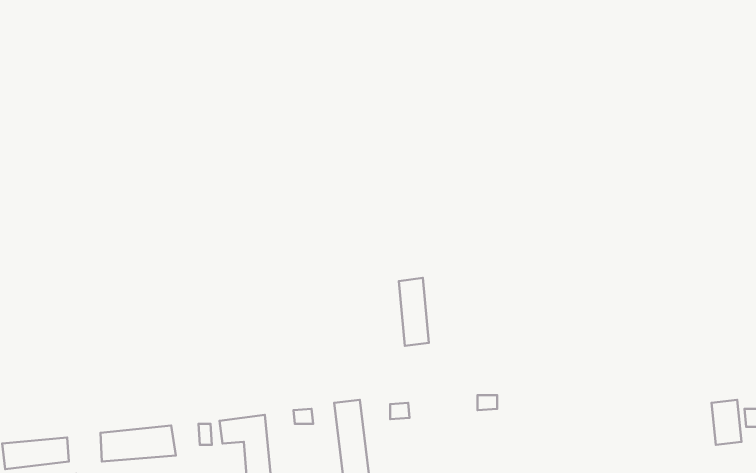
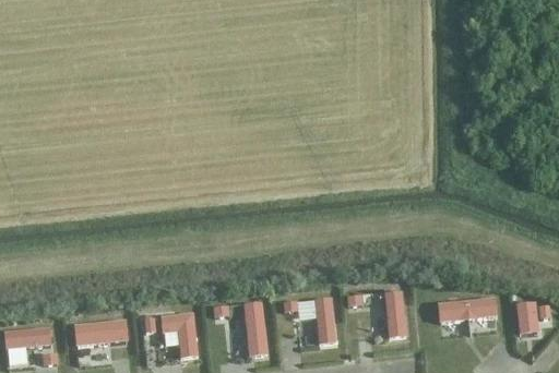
building: [399,278,429,346] -> [314,298,336,347]
building: none -> [384,289,406,337]
building: none -> [437,296,498,321]

